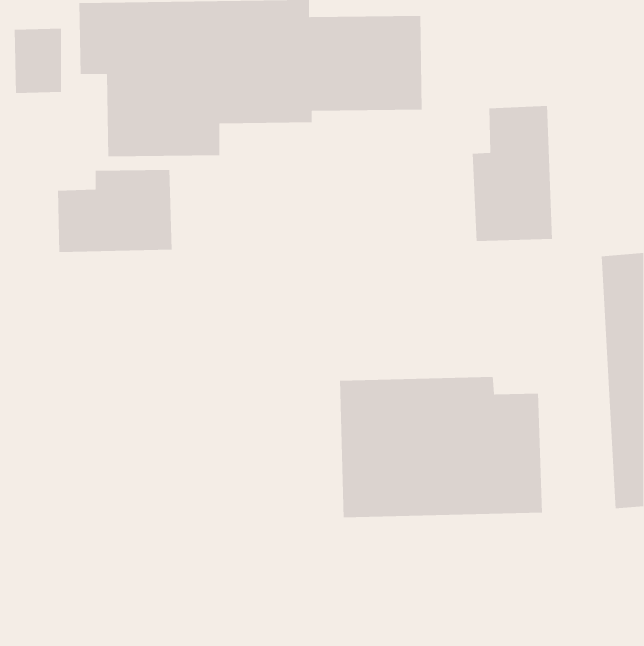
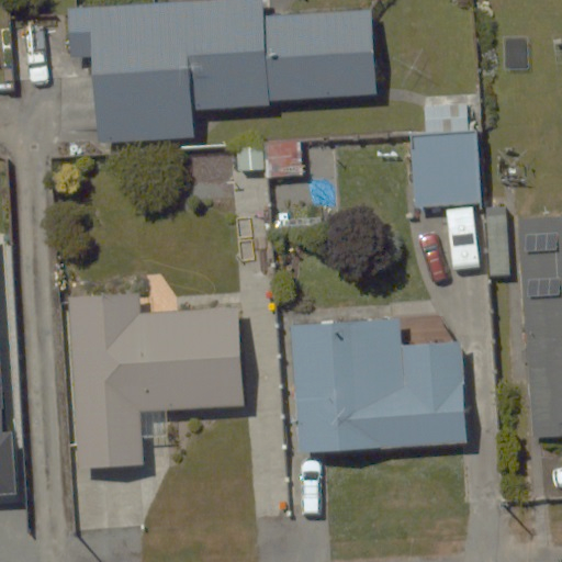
building: [57,169,172,253] -> none
building: none -> [77,297,250,471]

